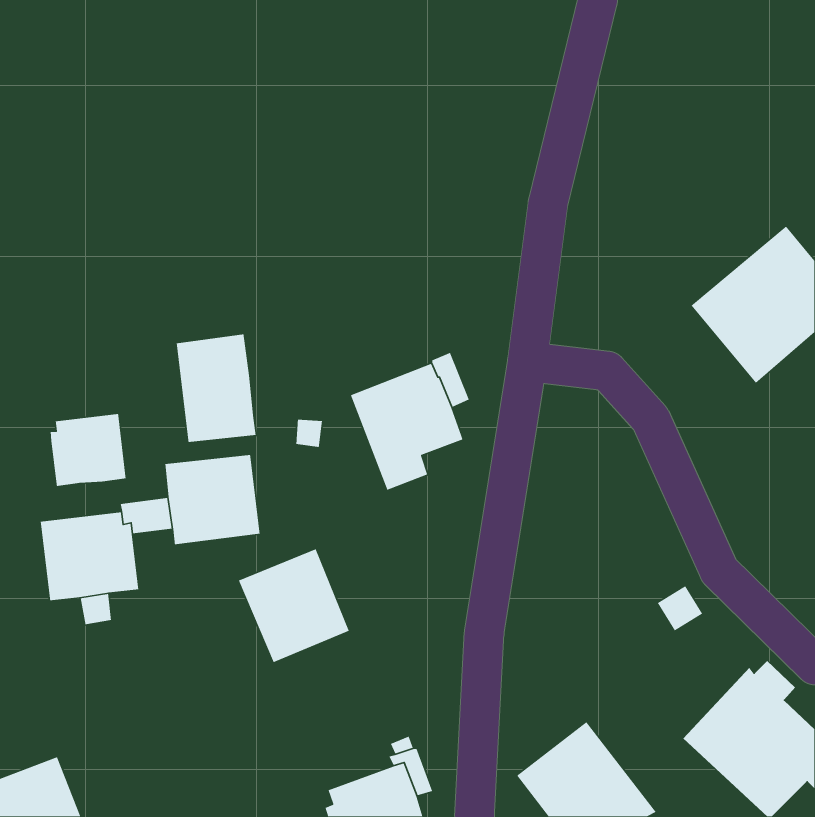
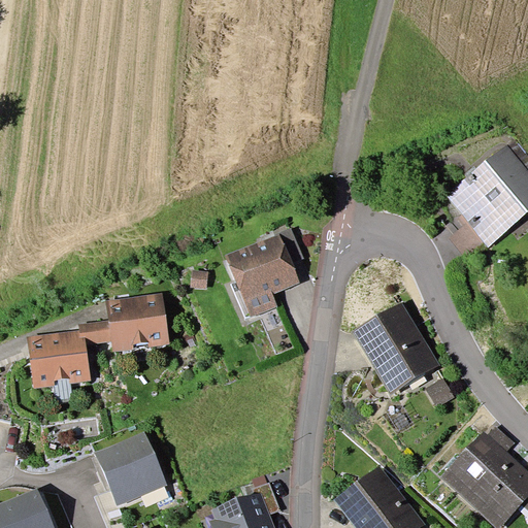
building: [176,334,256,443] -> none
building: [50,413,126,487] -> none
building: none -> [352,302,439,395]
building: [238,548,350,663] -> [94,431,166,505]

